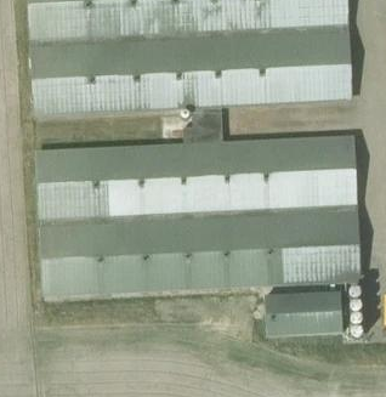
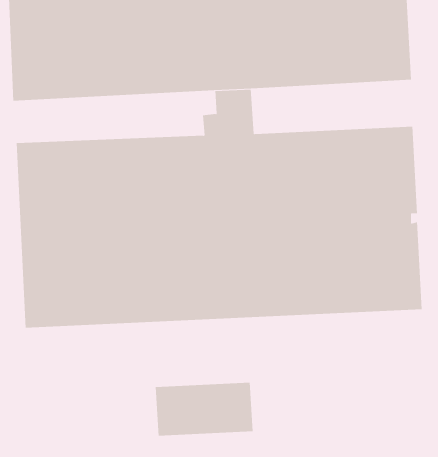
building: [266,291,344,334] -> [155,382,254,436]

